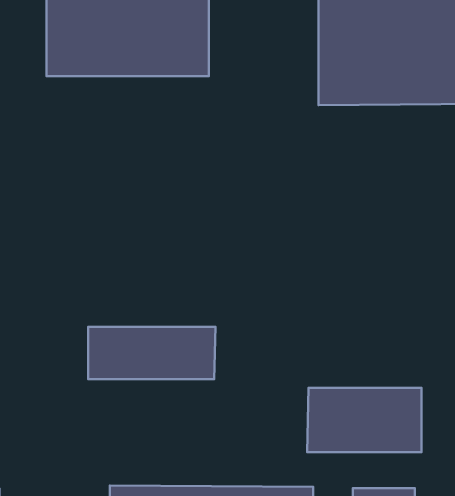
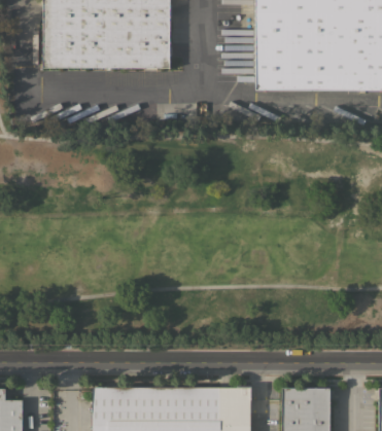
building: [88,327,216,379] -> none
building: [307,388,422,452] -> none

